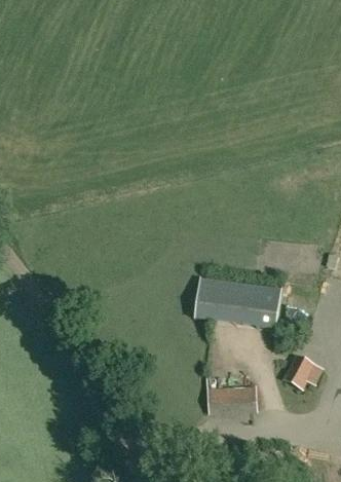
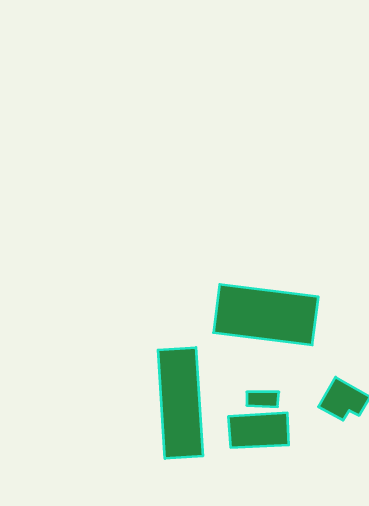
building: none -> [158,347,203,459]

